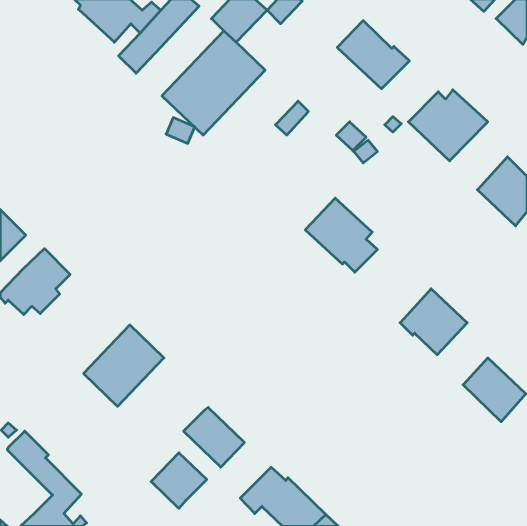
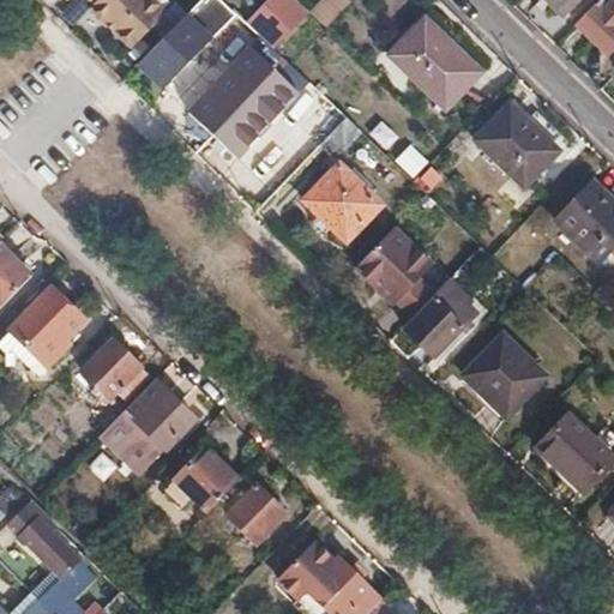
building: none -> [306,165,379,239]
building: none -> [407,278,478,360]
building: none -> [80,339,149,407]
building: [151,453,207,508] -> [173,446,237,511]

